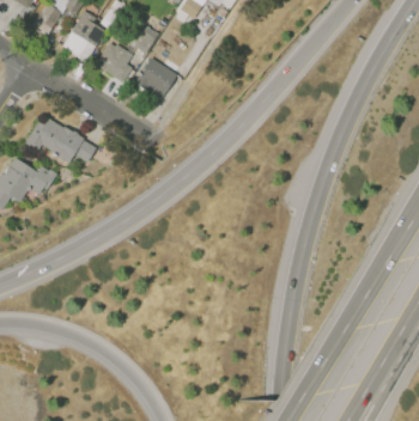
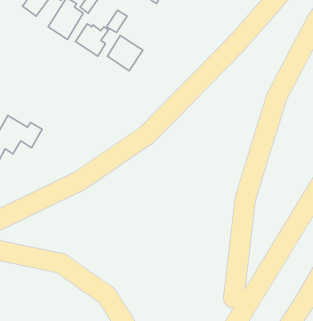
building: [24,115,96,161] -> none

